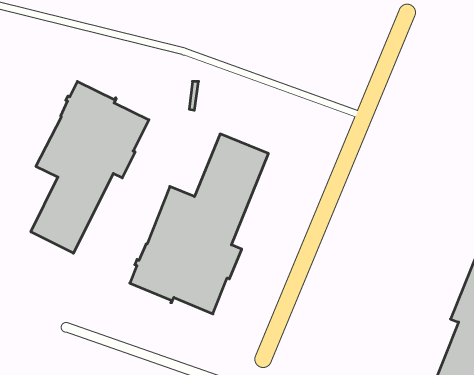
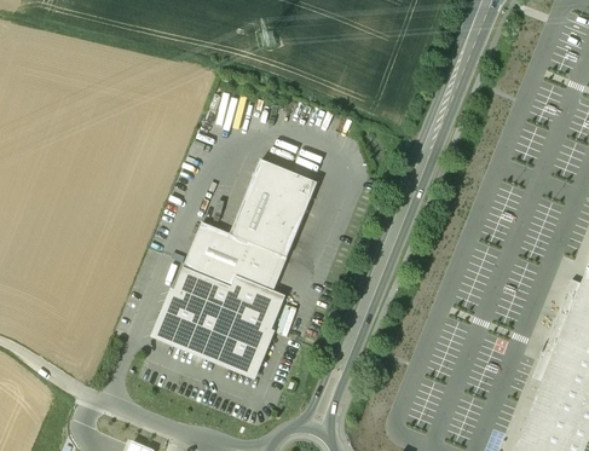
building: [31,81,149,253] -> none

